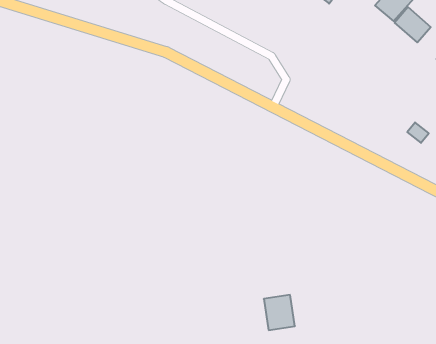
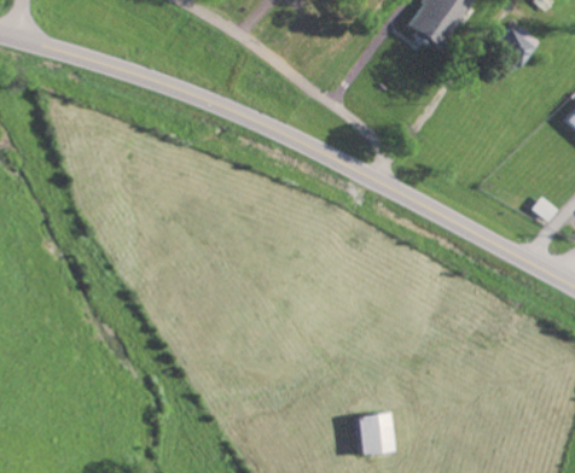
building: [395,7,431,42] -> none

